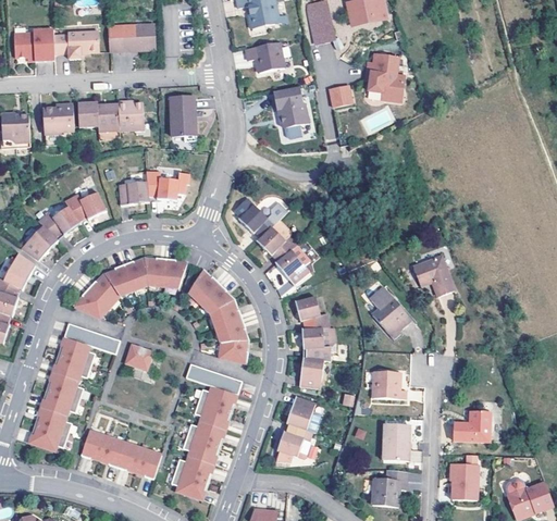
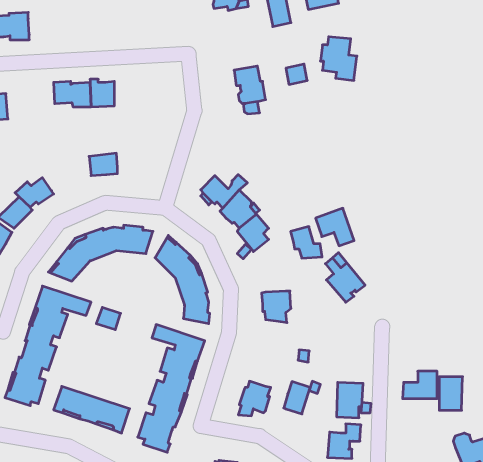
building: [122,23,154,50] -> none
building: [52,30,98,58] -> none
building: [245,40,285,73] -> none
building: [170,95,197,135] -> none
building: [44,103,75,144] -> none
building: [146,169,189,200] -> none
building: [63,190,106,220] -> none
building: [413,256,455,296] -> [316,208,354,246]
building: [295,295,329,328] -> [291,227,322,258]
building: [300,358,323,387] -> none
building: [374,371,407,399] -> none
building: [287,395,315,430] -> [284,382,310,414]
building: [453,466,478,501] -> [439,377,463,410]

